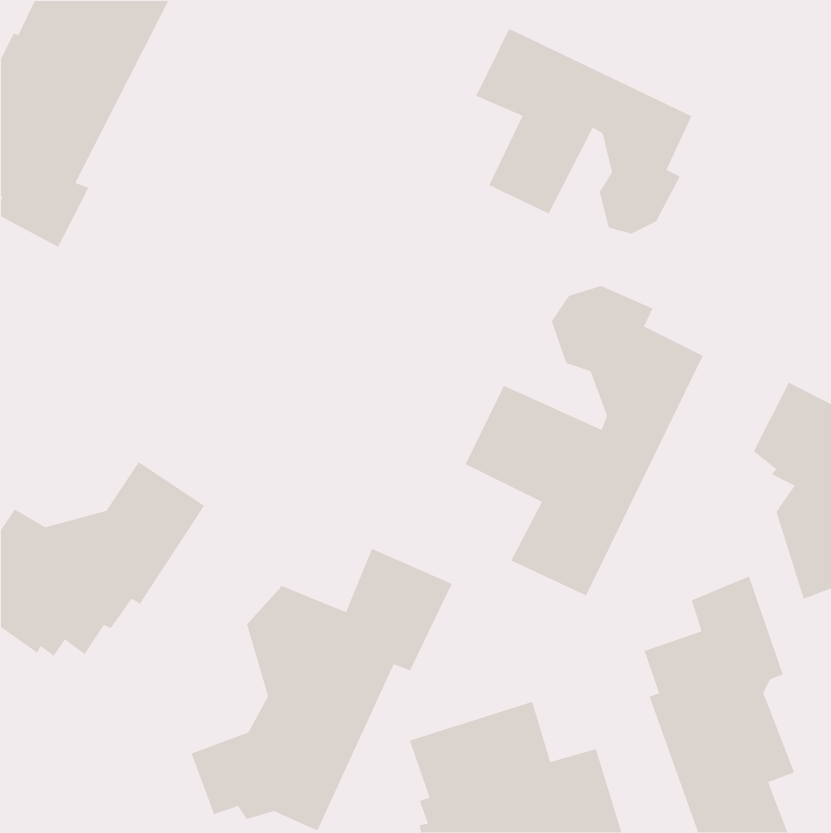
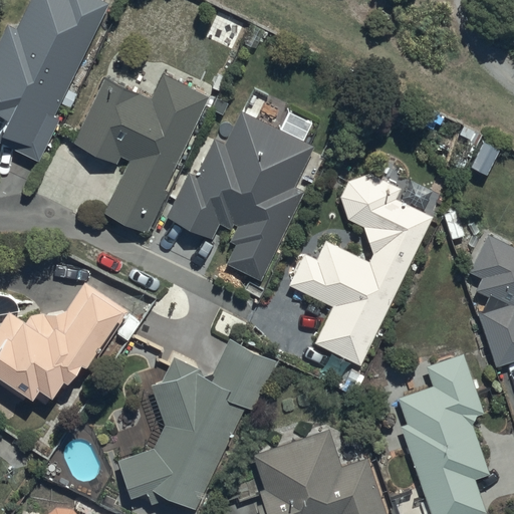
building: [475,28,693,235] -> none
building: none -> [71,72,209,235]
building: none -> [168,107,315,278]

